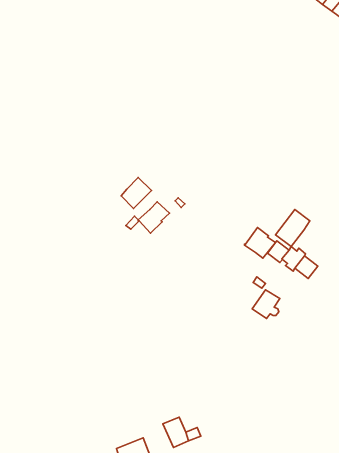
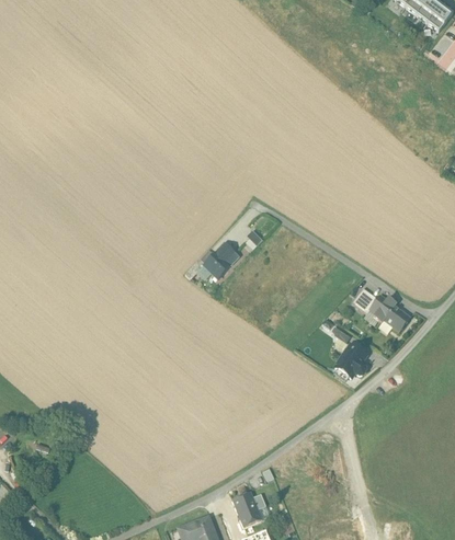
building: [121,178,152,208] -> none
building: [275,209,310,246] -> none
building: [245,228,276,258] -> none

